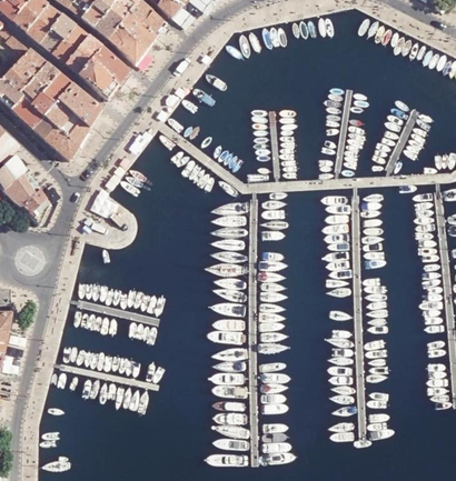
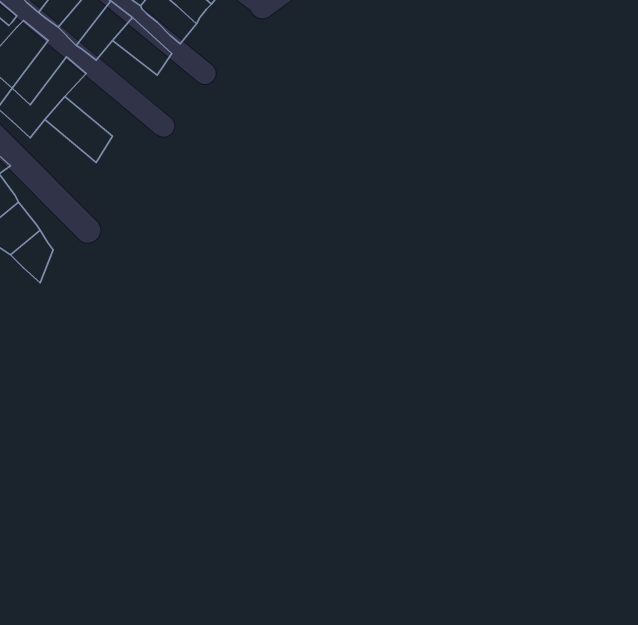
building: [21,61,58,104] -> none
building: [78,61,119,99] -> none
building: [57,83,101,126] -> none
building: [33,114,78,159] -> none

